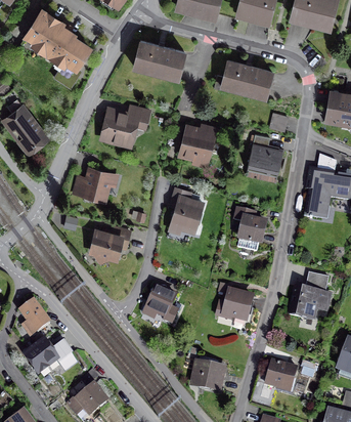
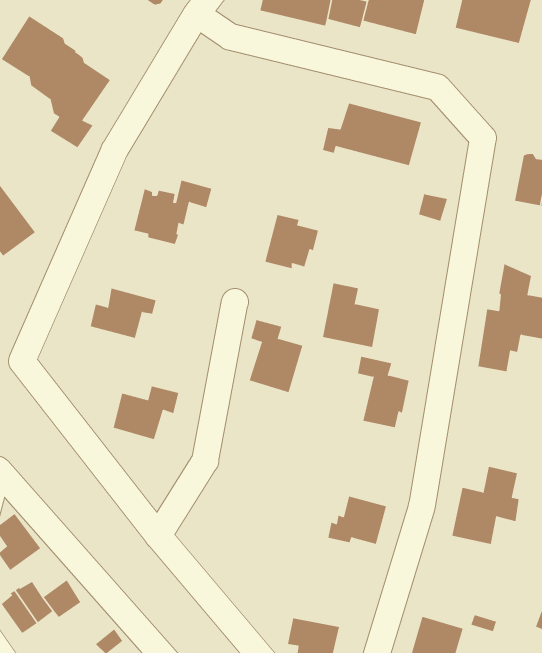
building: [134,40,185,78] -> none
building: [249,134,282,172] -> [322,283,380,348]
building: [146,287,178,323] -> none

